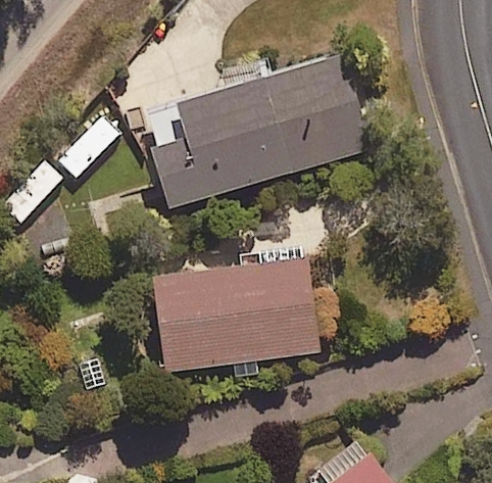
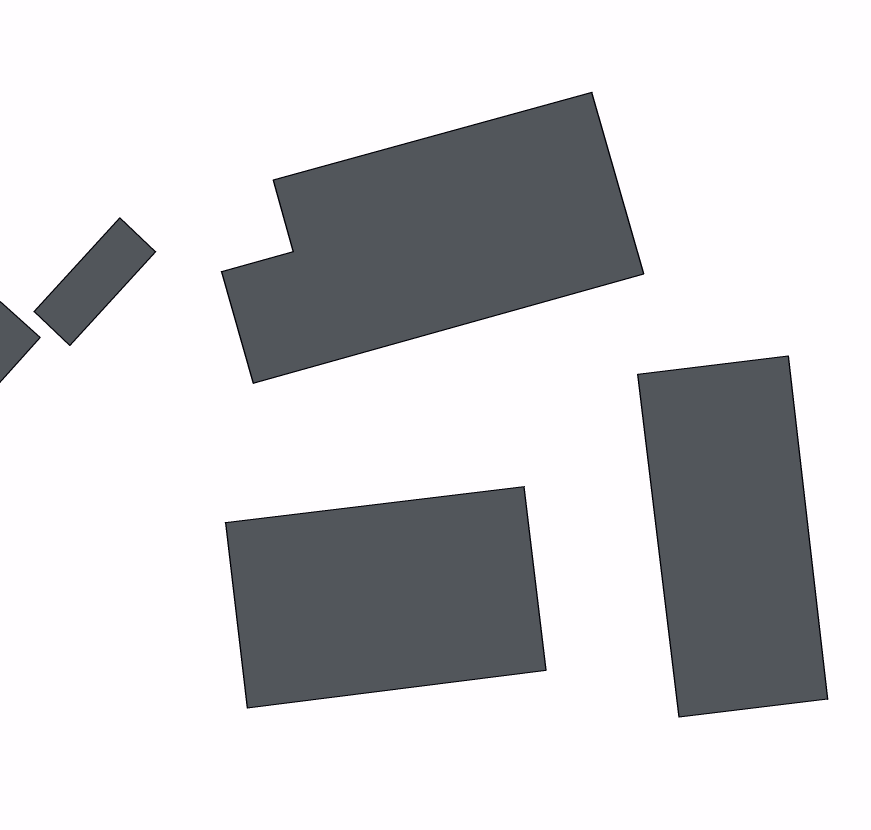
building: none -> [638,356,828,717]

